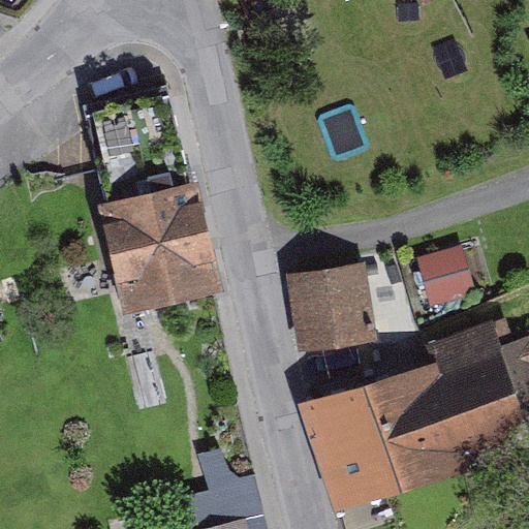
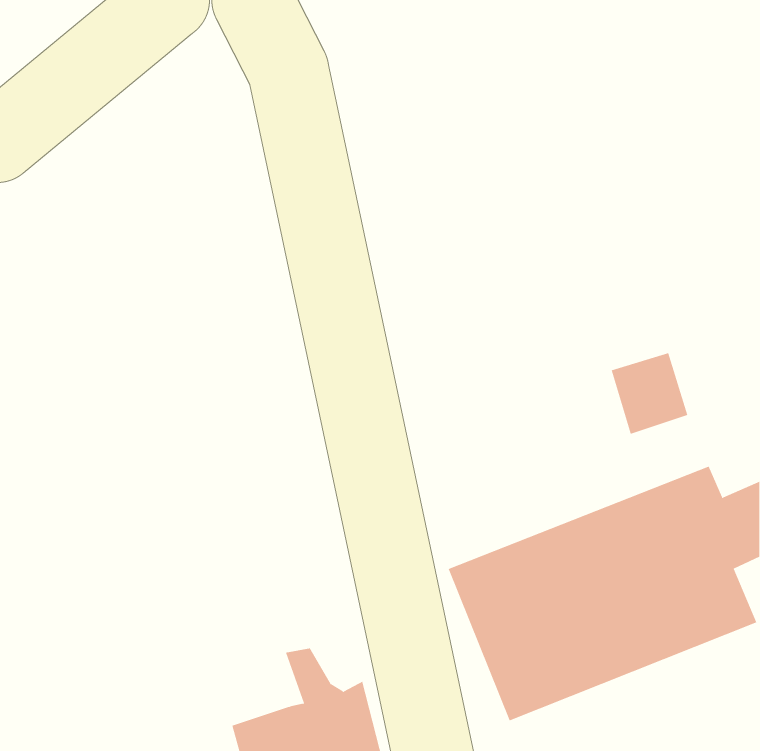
building: [99,182,212,315] -> none
building: [293,260,373,343] -> none

